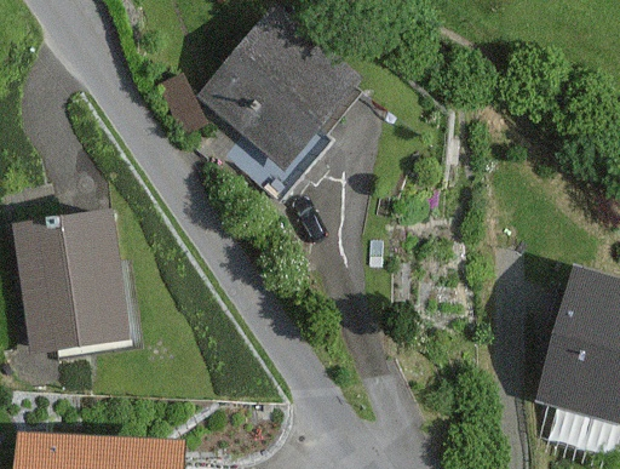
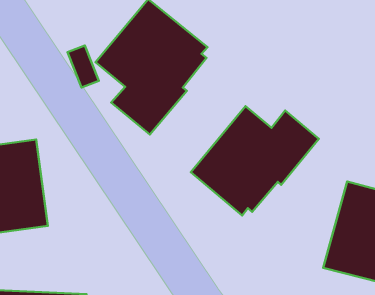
building: none -> [191,106,319,215]

